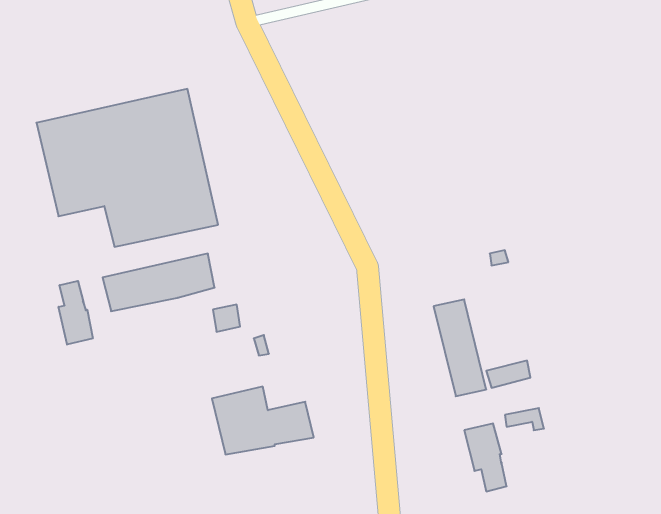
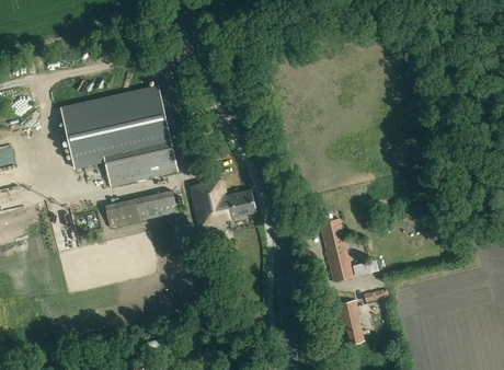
building: [59,281,93,345] -> none
building: [212,387,314,454] -> [191,180,256,223]

